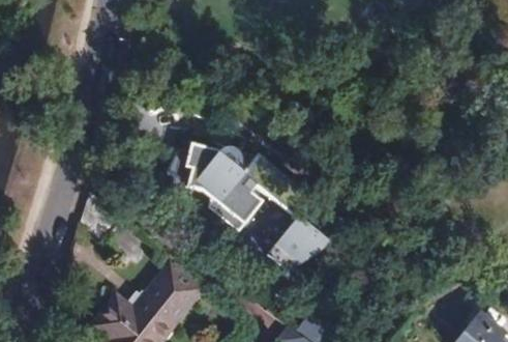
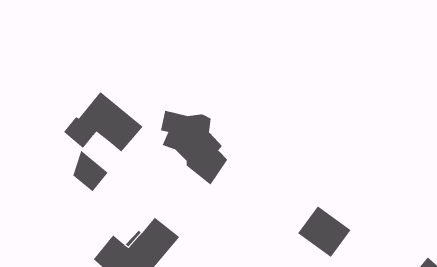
building: none -> [63,91,144,152]
building: [261,220,322,279] -> [297,205,352,258]

